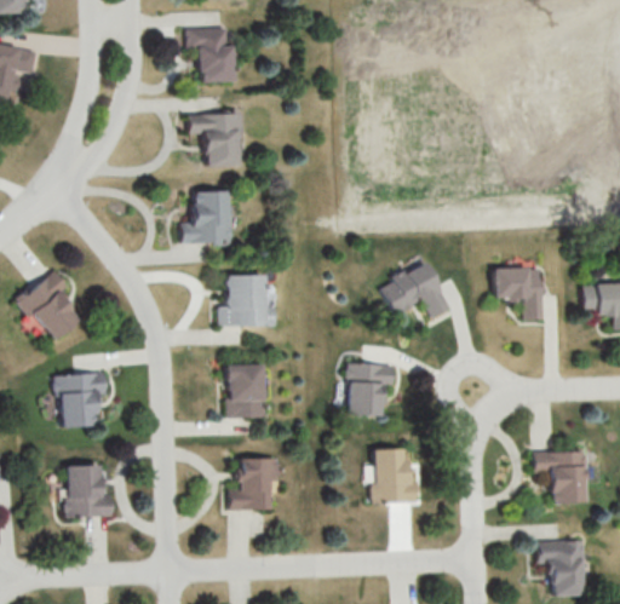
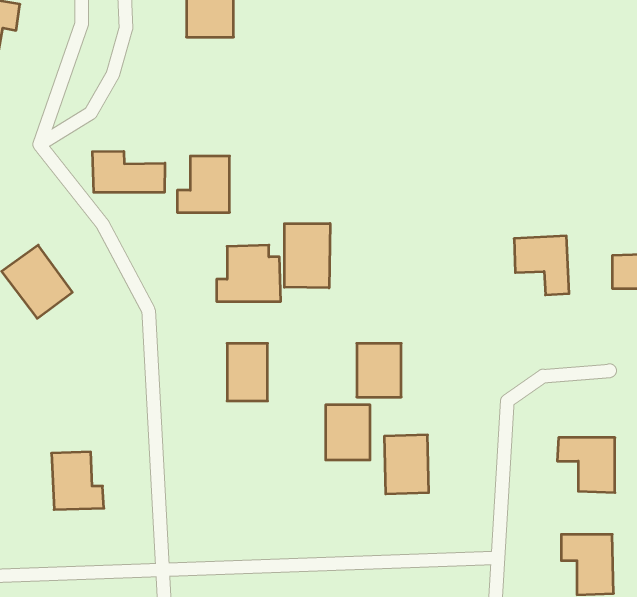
building: [189,114,241,167] -> none
building: none -> [92,151,165,192]
building: none -> [284,223,330,288]
building: [381,261,450,318] -> none
building: [57,373,104,427] -> none
building: [234,459,275,510] -> [326,405,370,460]

